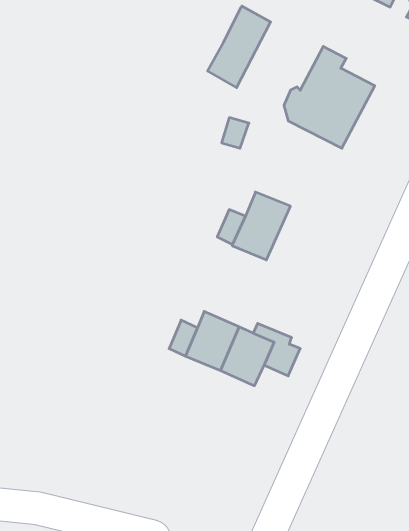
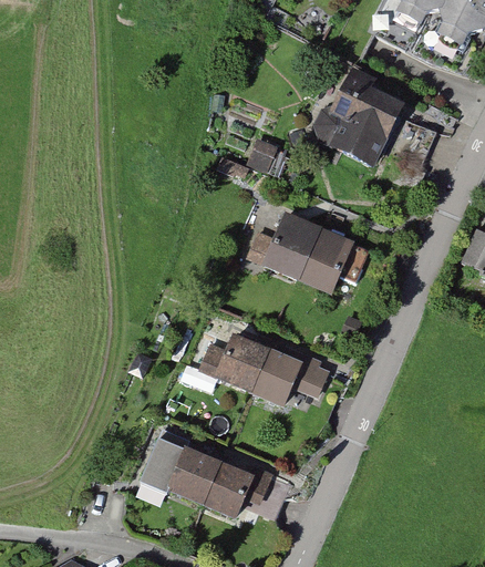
building: [208,6,271,88] -> none
building: none -> [296,225,354,295]
building: none -> [149,449,269,520]

